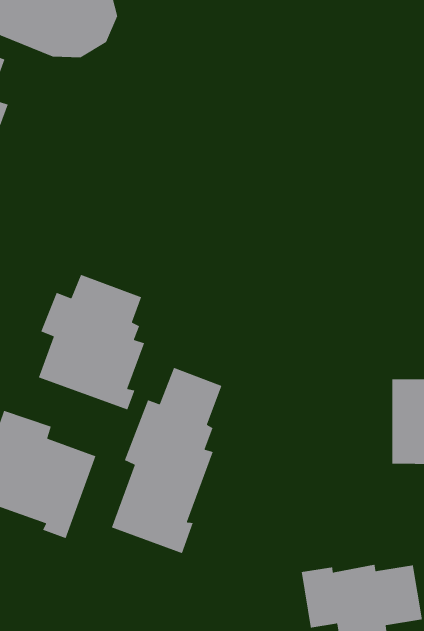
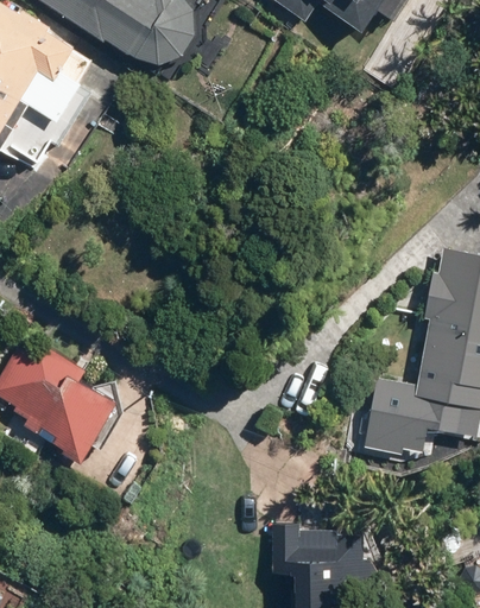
building: [38,274,145,411] -> none
building: [111,367,222,554] -> none

